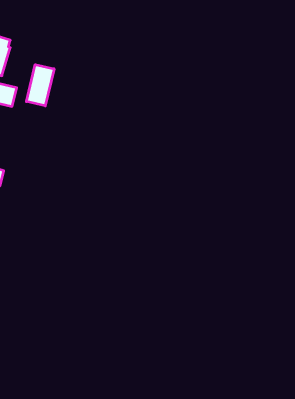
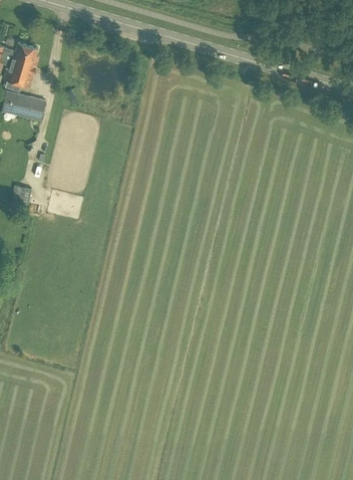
building: [26,65,54,106] -> none

